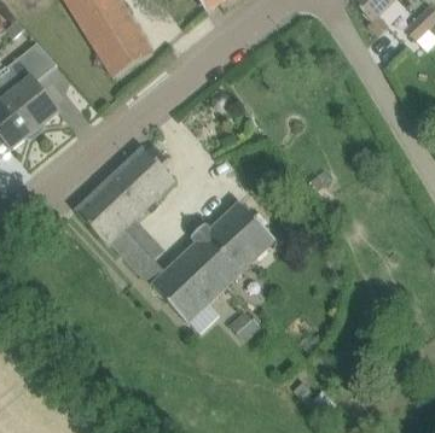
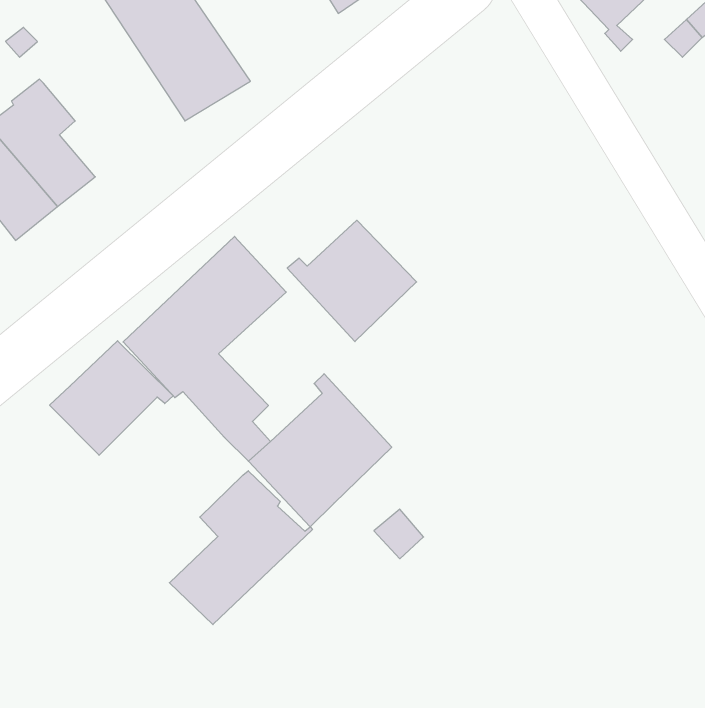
building: [198,200,277,274] -> [287,220,417,342]
building: none -> [50,341,173,455]
building: none -> [169,471,312,625]

